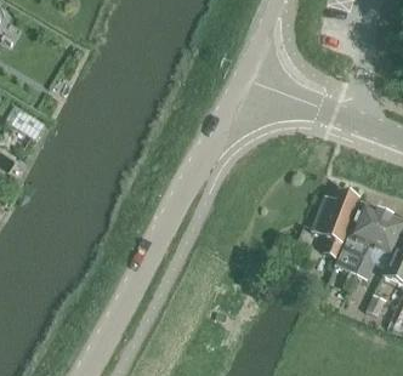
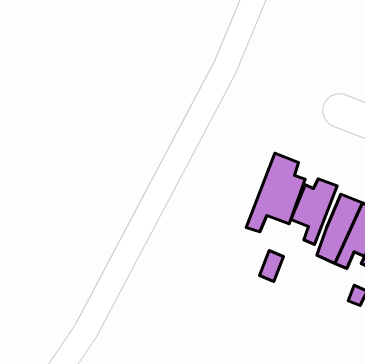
building: none -> [246,153,305,232]

